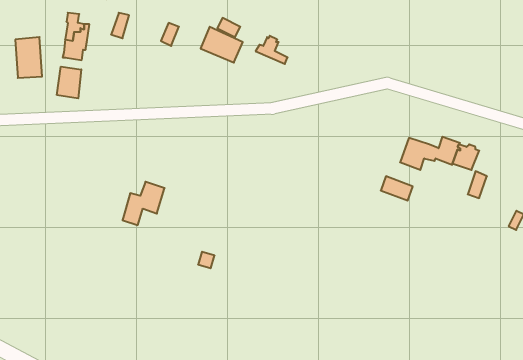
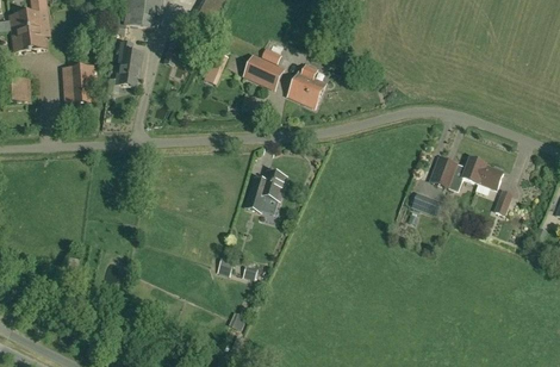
building: none -> [287,77,322,107]
building: [57,67,81,98] -> none
building: [122,182,165,225] -> [245,170,285,211]

